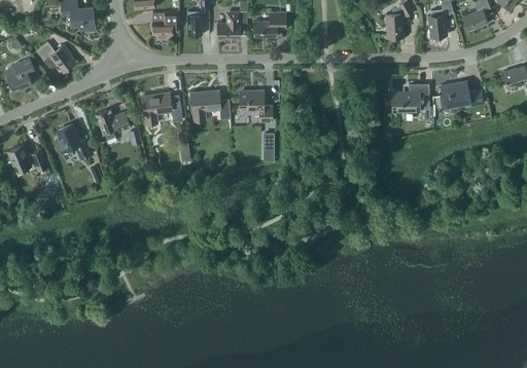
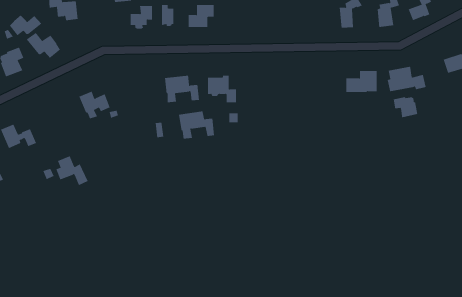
building: [254,11,286,36] -> none
building: none -> [9,15,42,36]
building: [141,91,182,123] -> [178,111,215,139]
building: none -> [393,96,418,118]
building: [56,123,93,157] -> [55,155,89,186]

